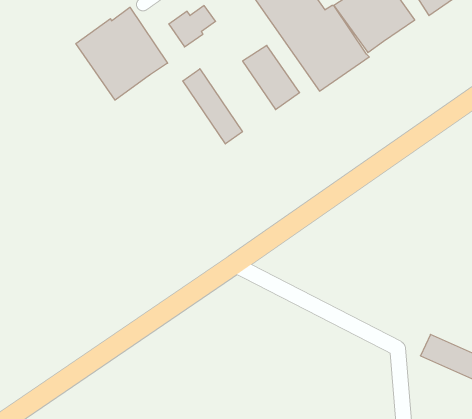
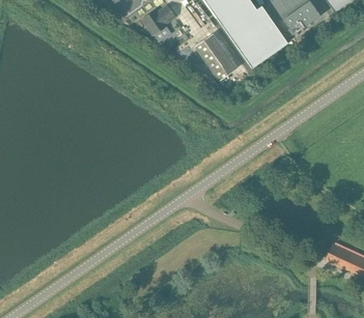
building: [76,7,168,100] -> none
building: [183,69,242,144] -> none

